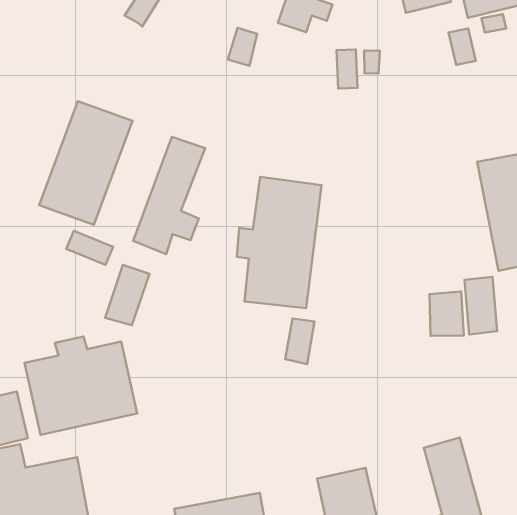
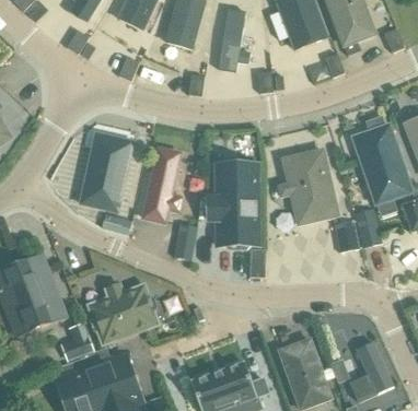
building: none -> [279,150,338,223]
building: [105,265,150,325] -> [174,223,198,260]

